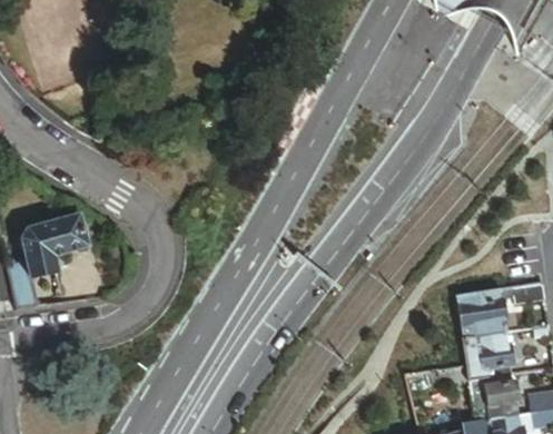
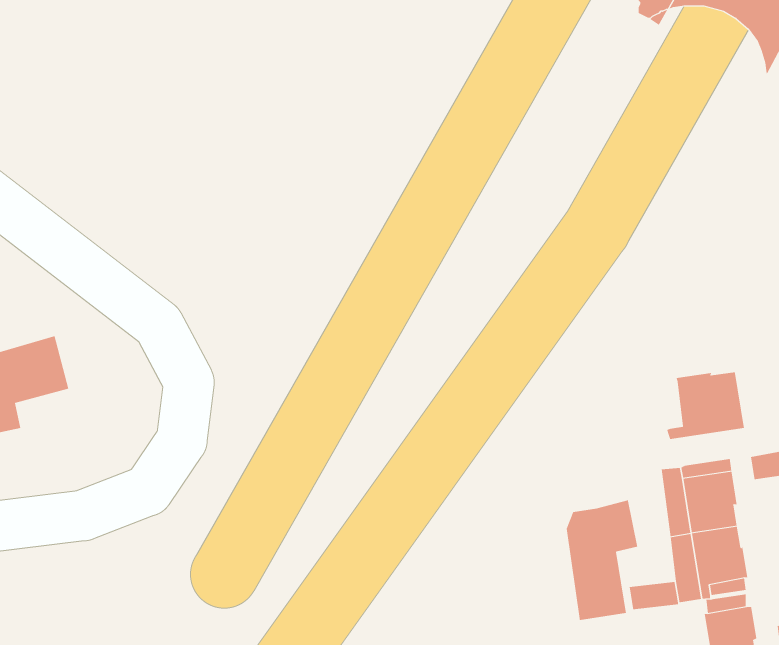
building: none -> [666,371,744,440]
building: none -> [566,499,638,621]

